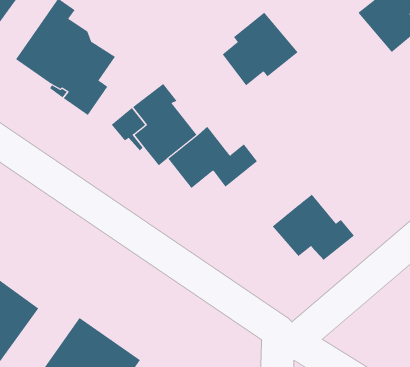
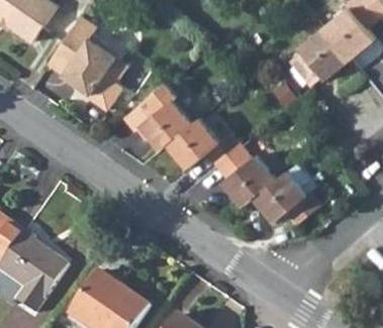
building: [222,12,299,86] -> [289,25,351,85]
building: none -> [217,144,277,205]

